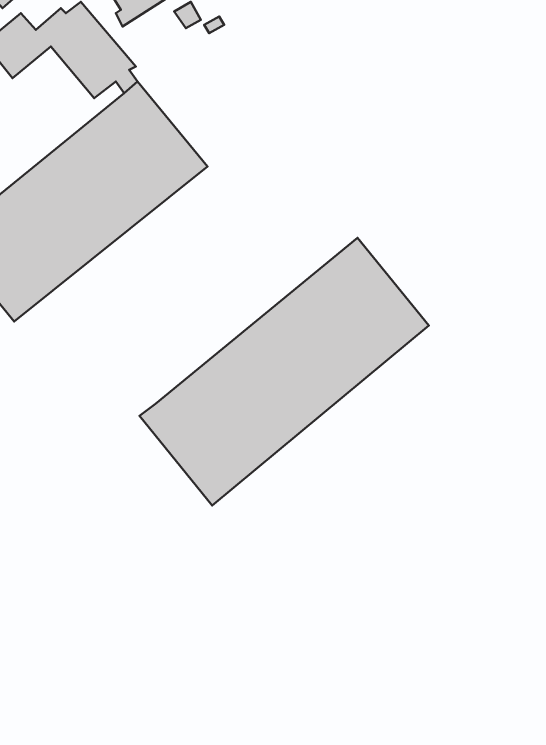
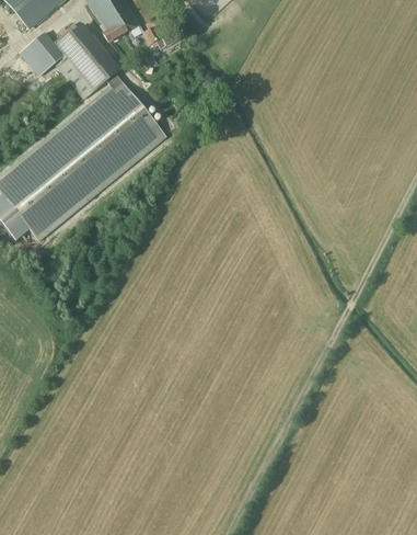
building: [139,238,429,506] -> none

